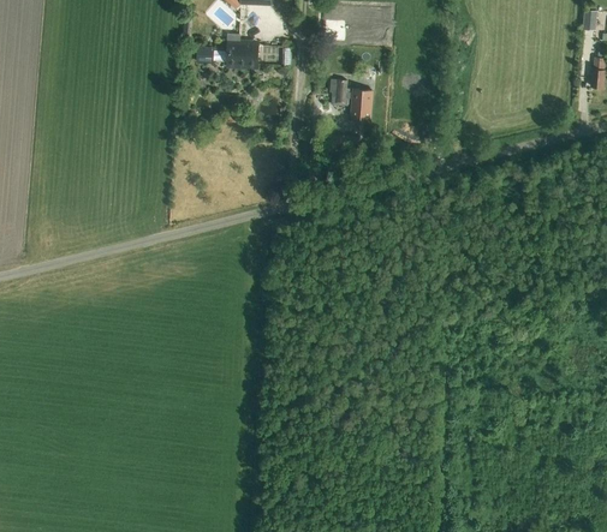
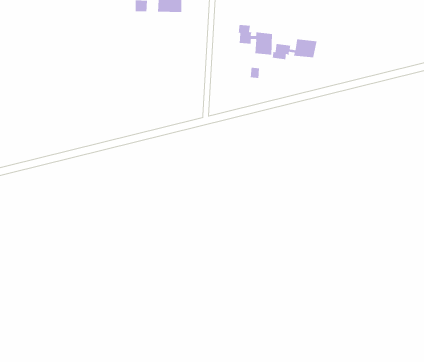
building: none -> [272,39,317,60]

